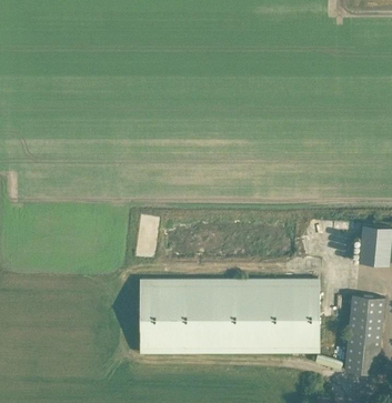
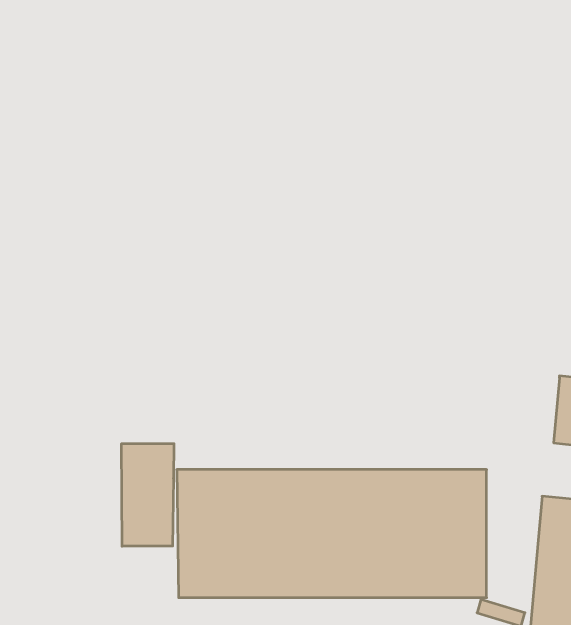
building: none -> [122,444,174,546]

